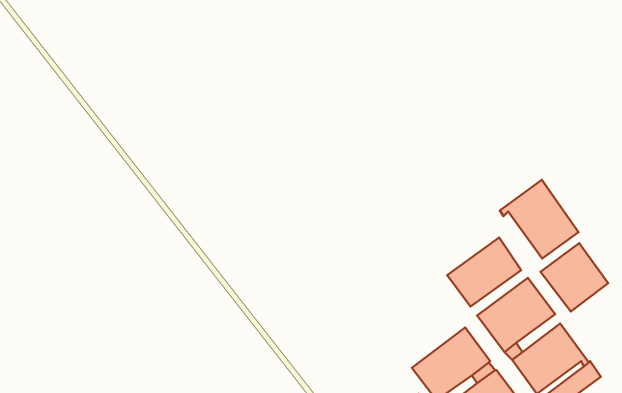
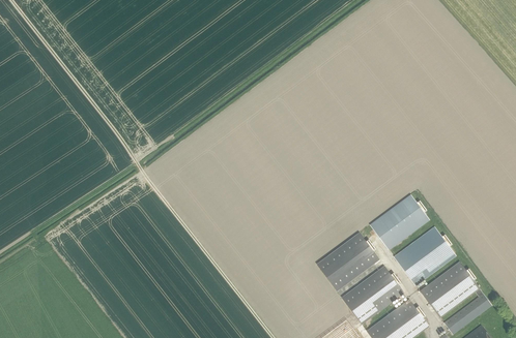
building: [500,180,578,259] -> none
building: [540,243,608,311] -> none
building: none -> [316,232,378,289]

